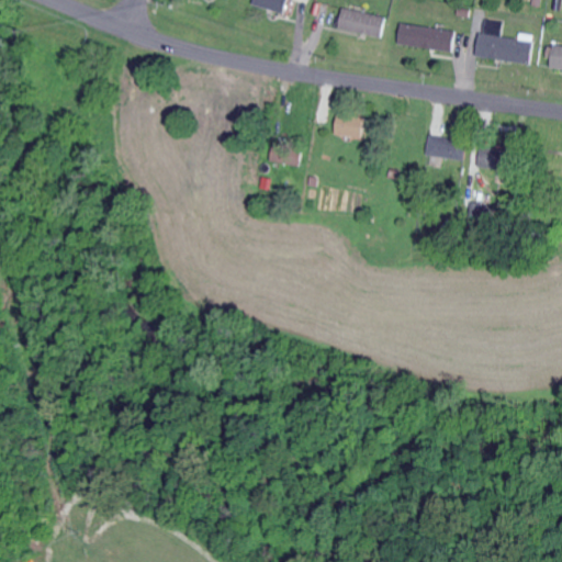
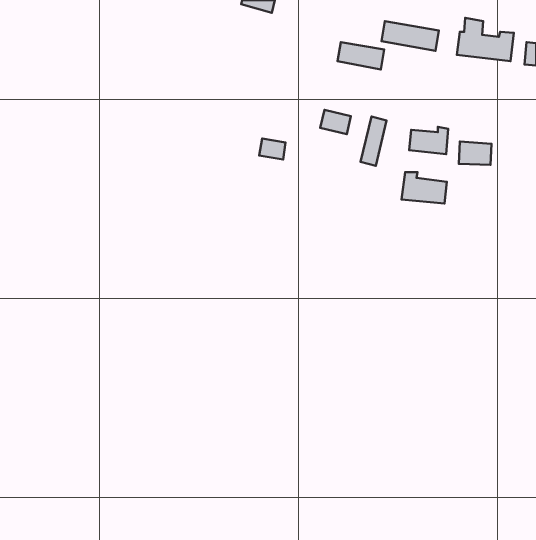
building: [337,9,385,37] -> [338,42,384,70]
building: none -> [361,116,387,166]
building: none -> [402,172,447,204]

